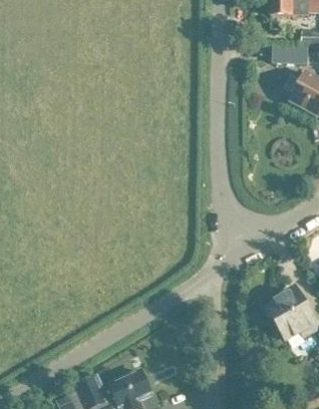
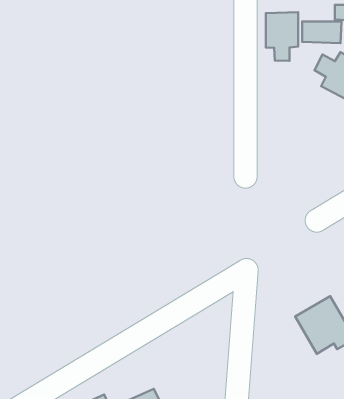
building: none -> [266,12,298,61]

